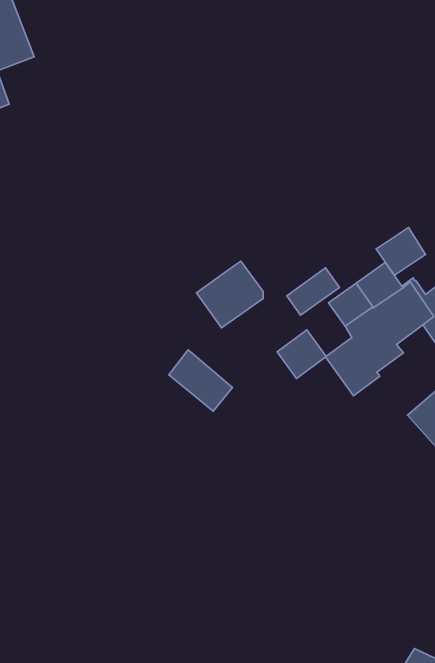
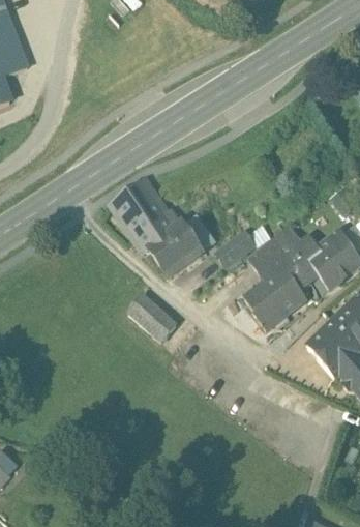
building: none -> [113,184,180,253]
building: [376,228,426,276] -> none
building: [277,330,326,378] -> none

